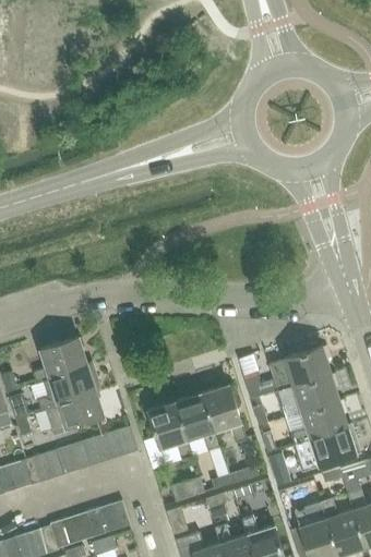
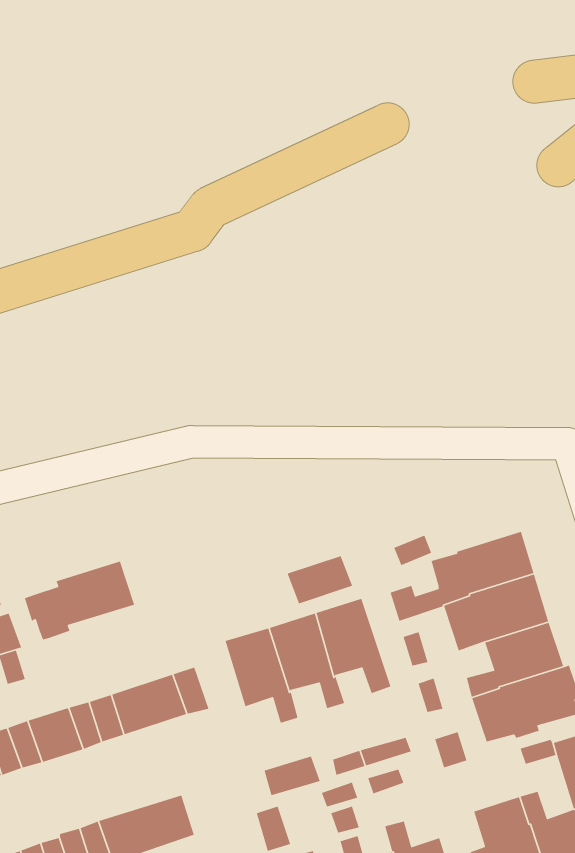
building: [33,337,86,383] -> none
building: none -> [286,555,353,605]
building: [45,389,103,435] -> none

